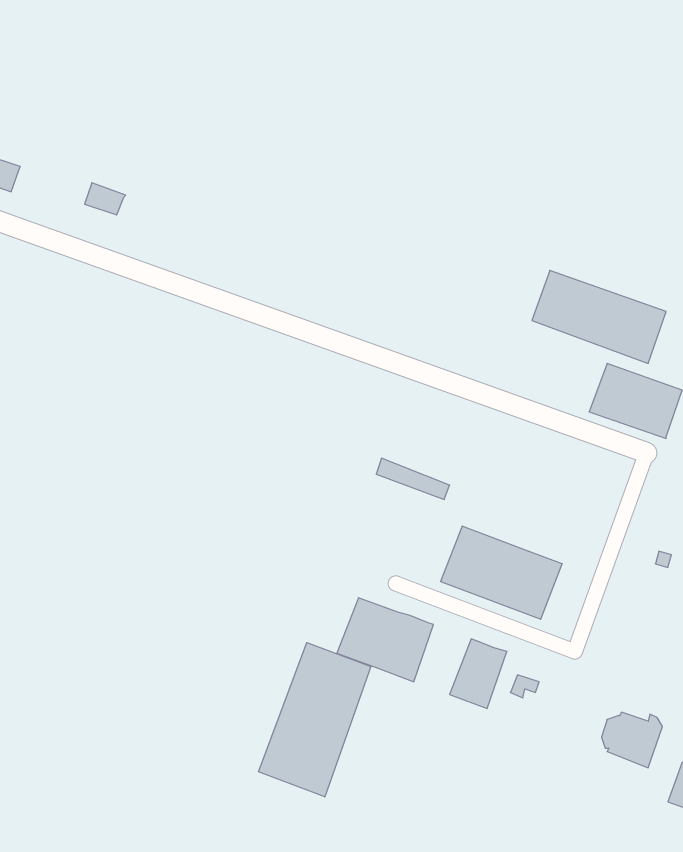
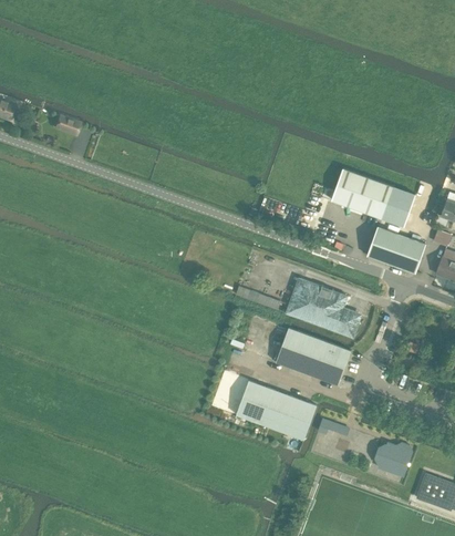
building: none -> [288,278,360,337]
building: none -> [259,388,294,431]
building: [259,643,371,797] -> none

